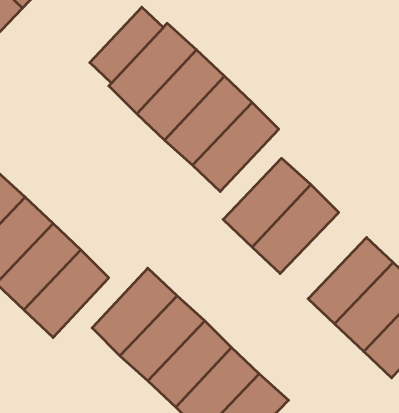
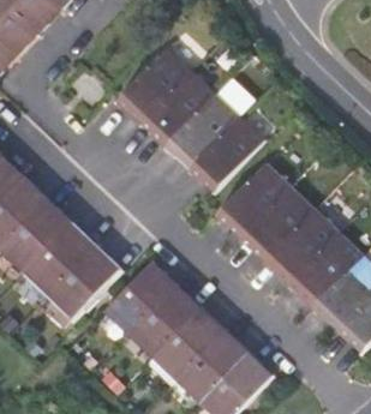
building: [90,7,163,83] -> none
building: none -> [264,210,339,284]

